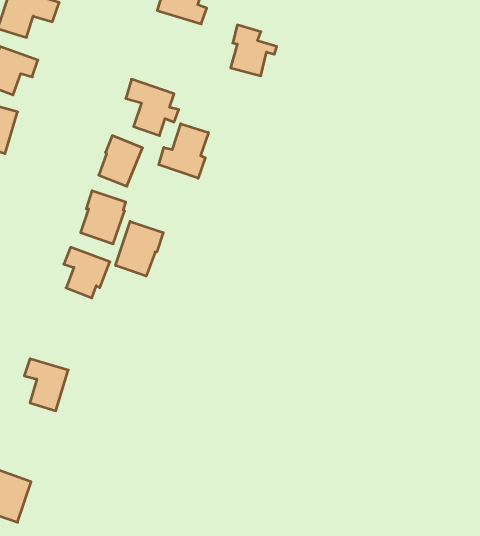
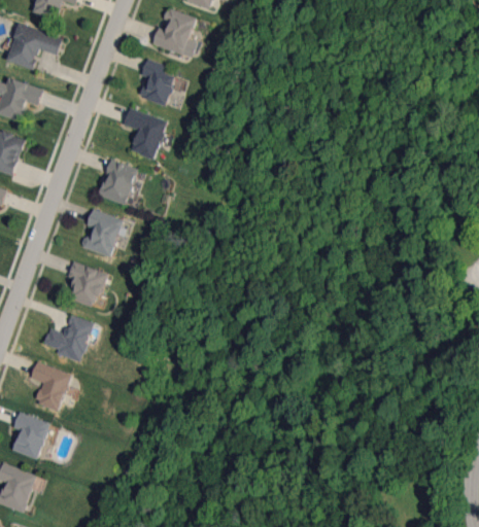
building: [231,25,277,76] -> [139,59,181,105]
building: [159,124,208,178] -> none
building: [116,221,163,276] -> none
building: none -> [43,315,93,361]
building: none -> [12,413,48,458]

